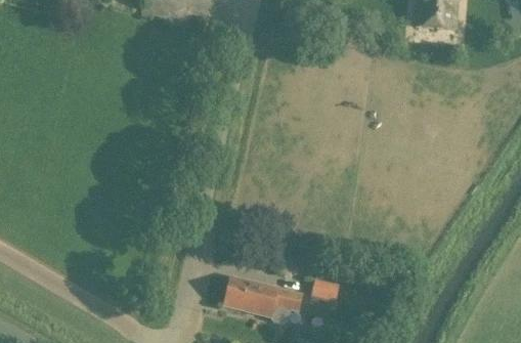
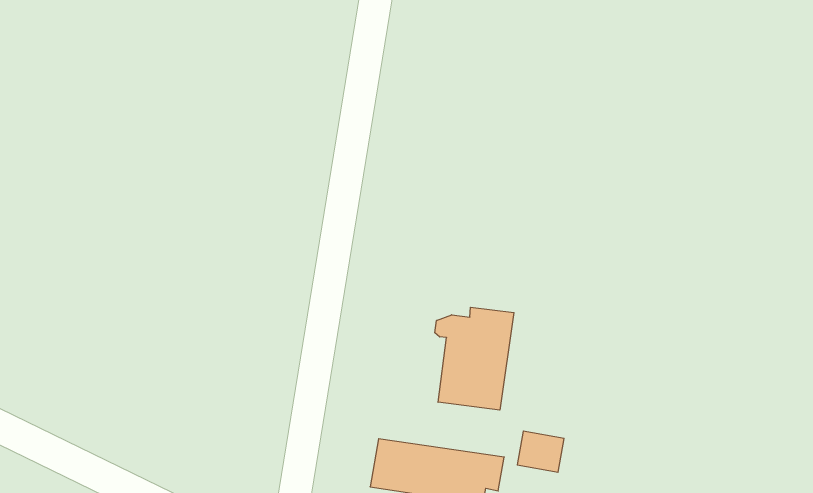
building: none -> [435,307,514,410]

